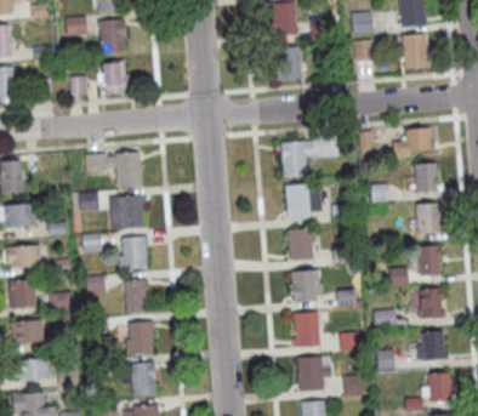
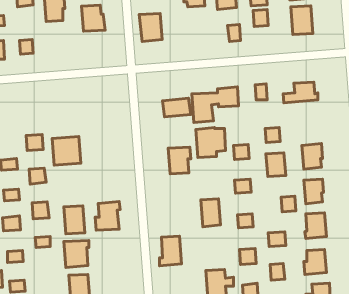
building: [272,46,300,80] -> [139,14,162,41]
building: [101,63,130,95] -> [81,5,105,31]
building: none -> [163,98,191,117]
building: [85,150,141,188] -> none
building: [414,163,438,192] -> [266,153,286,177]
building: [288,228,315,261] -> [168,147,191,174]
building: [118,235,148,270] -> [95,201,120,230]
building: [292,312,319,348] -> [160,236,181,266]

